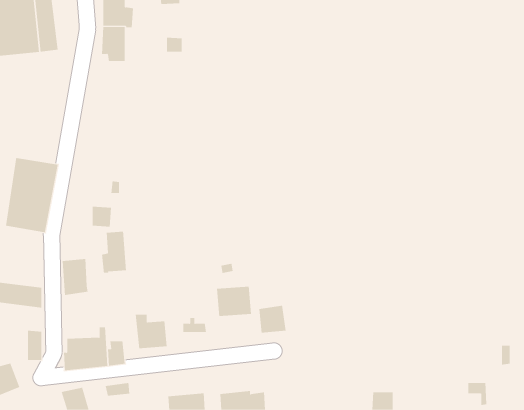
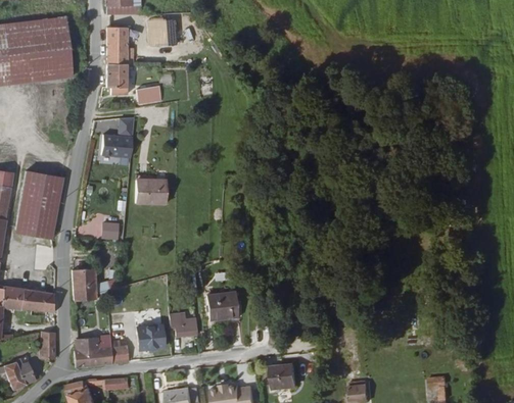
building: none -> [138,86,160,103]
building: none -> [101,115,135,155]
building: none -> [133,174,166,203]
building: [101,231,126,274] -> none
building: [259,305,286,333] -> [270,363,294,388]

